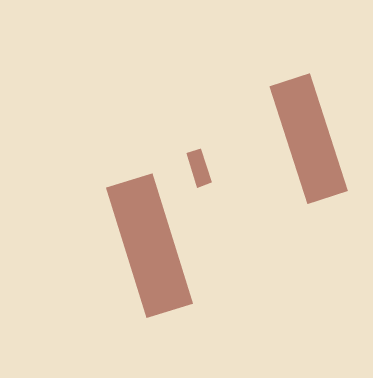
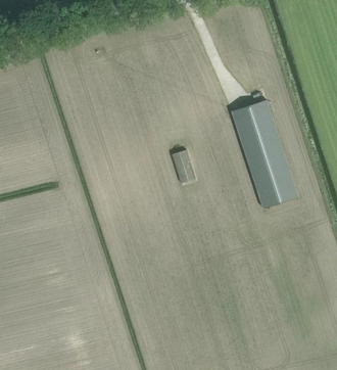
building: [105,172,194,319] -> none

